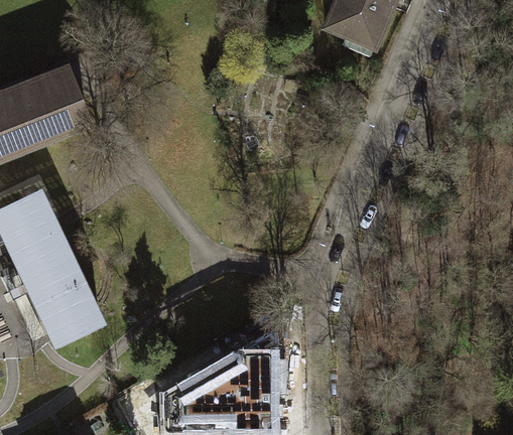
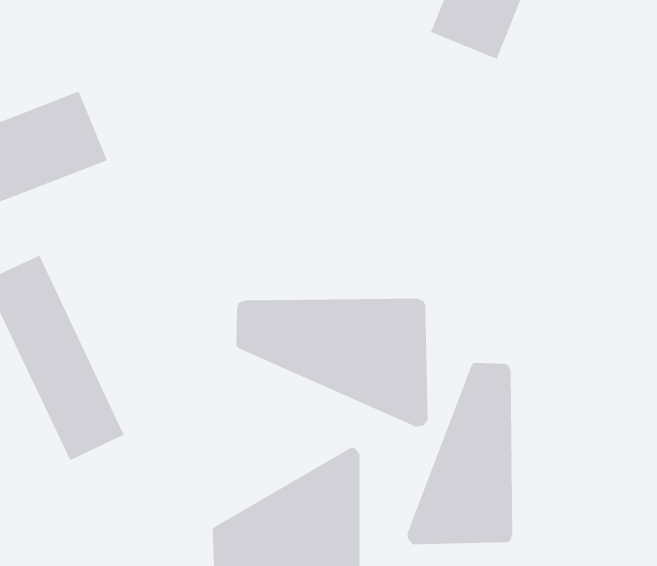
building: none -> [236,298,428,428]
building: none -> [407,362,513,545]

